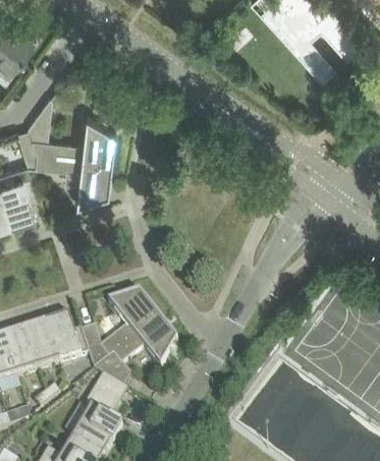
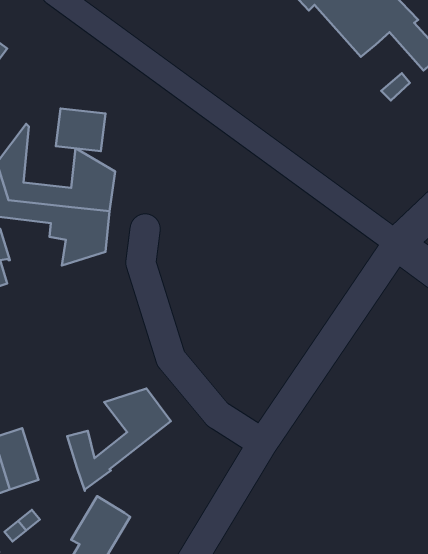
building: none -> [56,108,106,151]
building: [47,312,88,358] -> none
building: [94,314,177,383] -> none

